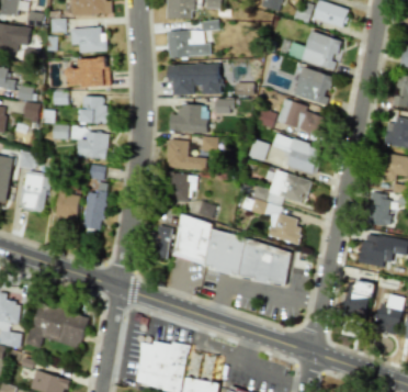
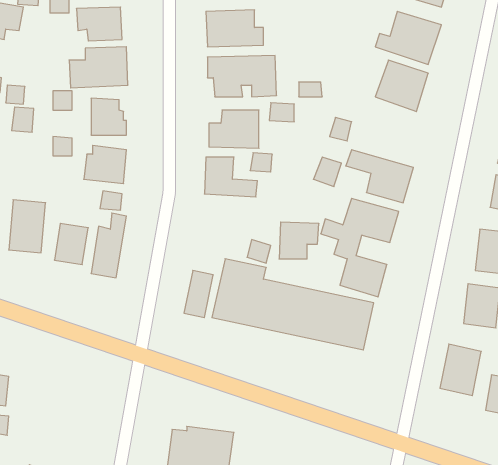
building: [276,99,327,136] -> none
building: [168,173,197,201] -> [279,222,319,259]
building: [26,302,90,348] -> none

